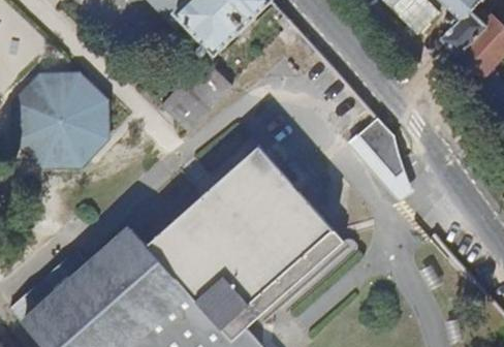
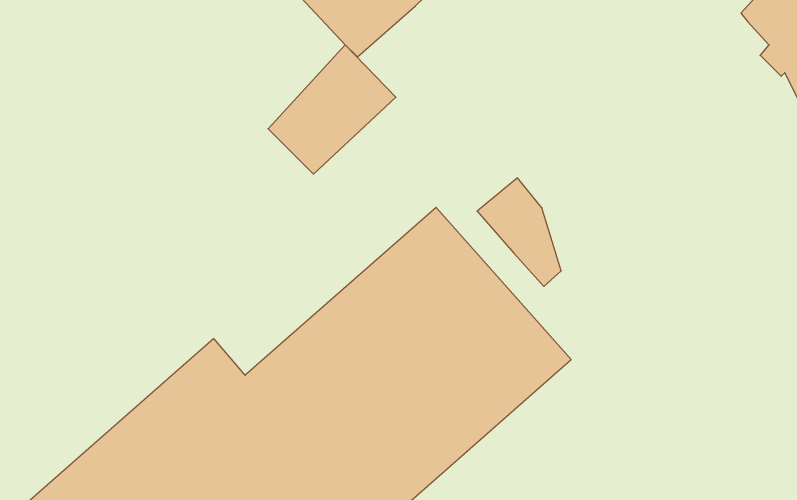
building: [7,68,112,170] -> none
building: [354,115,404,179] -> [477,178,561,286]

